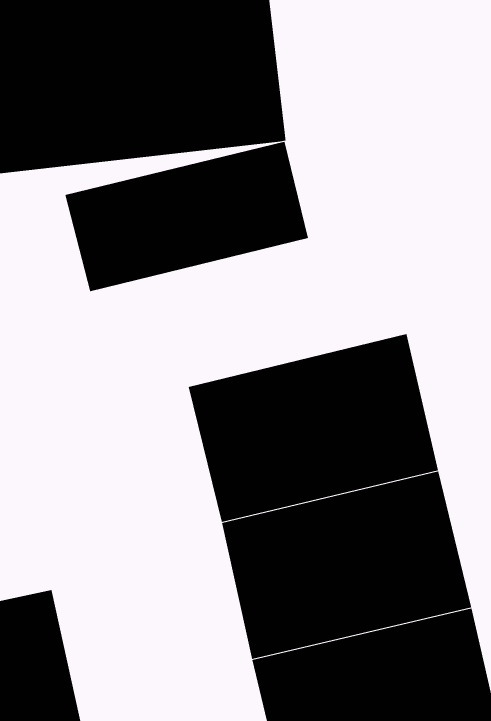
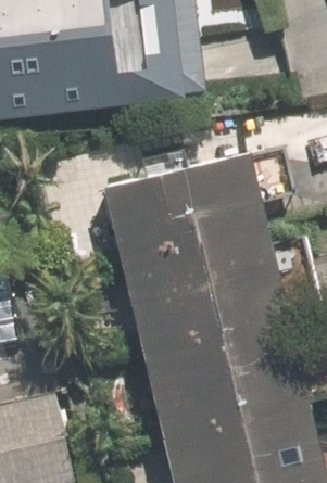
building: [64,141,309,292] -> [109,161,267,258]

